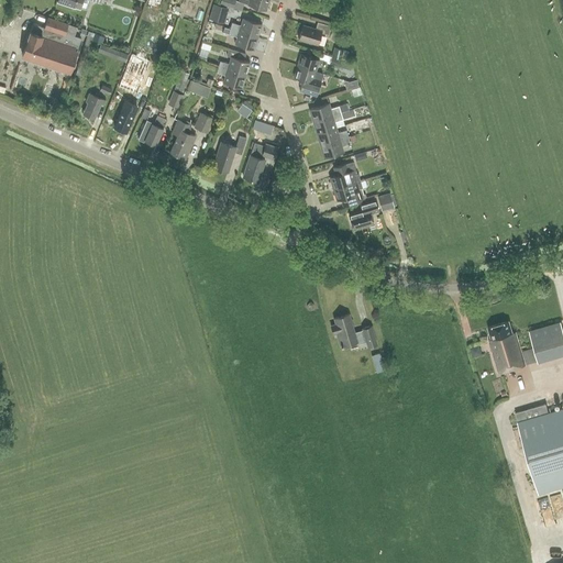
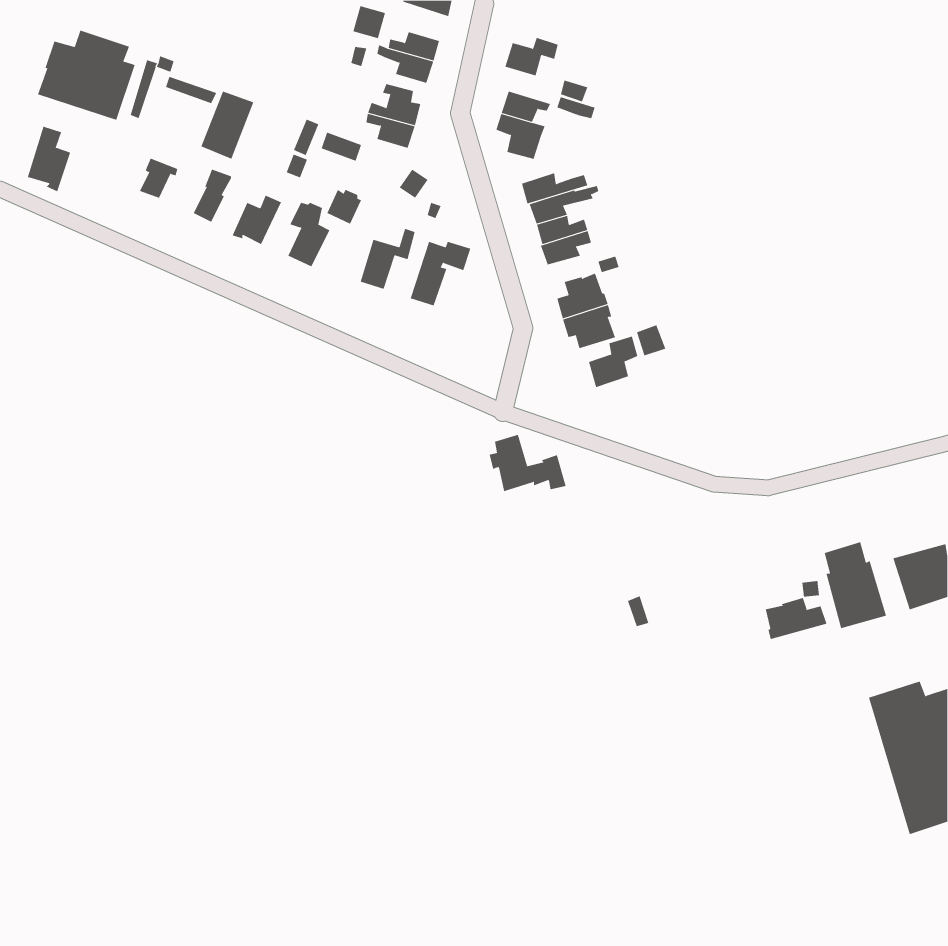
building: none -> [27,126,71,192]
building: [331,314,377,349] -> [489,434,567,492]
building: none -> [765,597,827,640]

